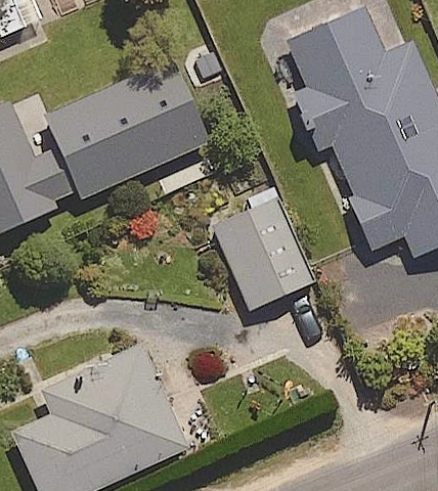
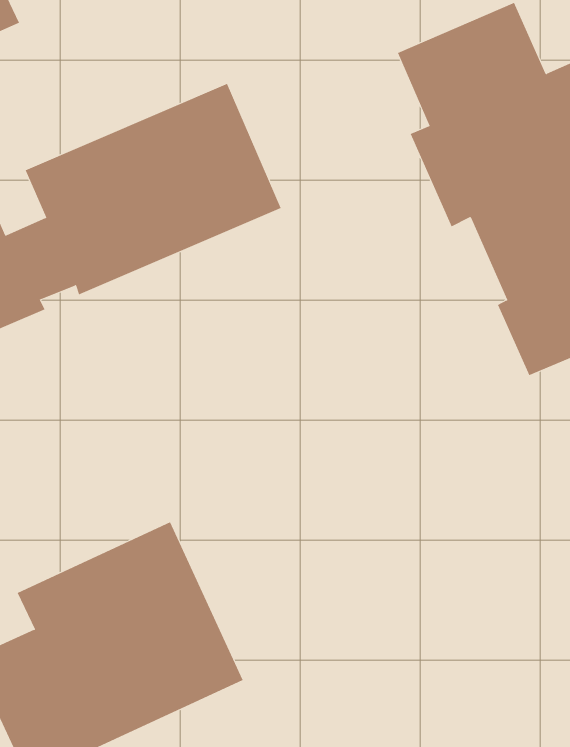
building: [212,194,312,308] -> none

